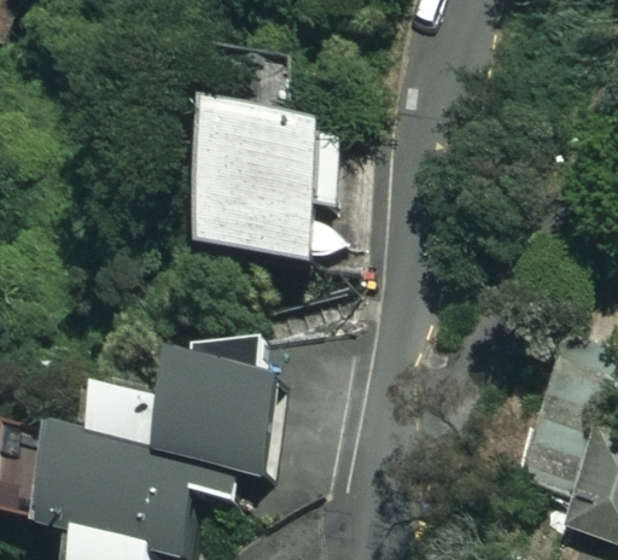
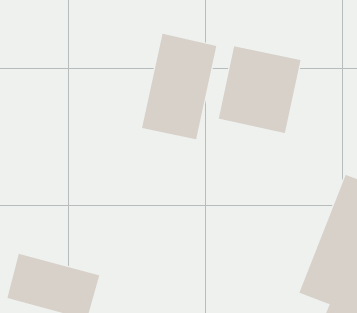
building: none -> [218,45,301,134]
building: [186,360,307,467] -> none

